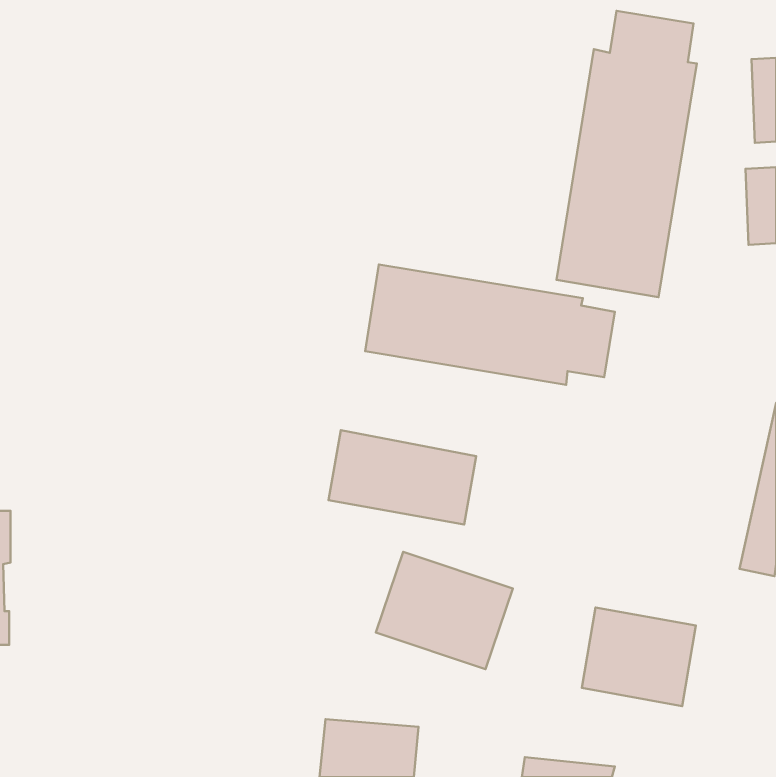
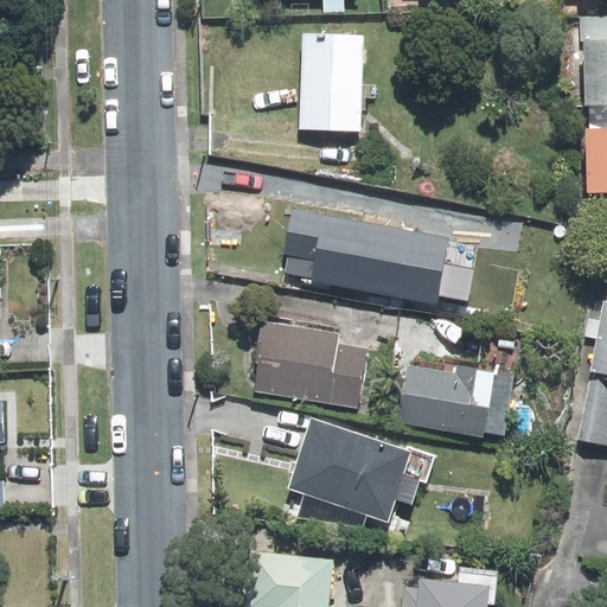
building: [557,11,697,297] -> none
building: none -> [300,28,368,129]
building: [582,607,696,706] -> [396,363,485,440]

